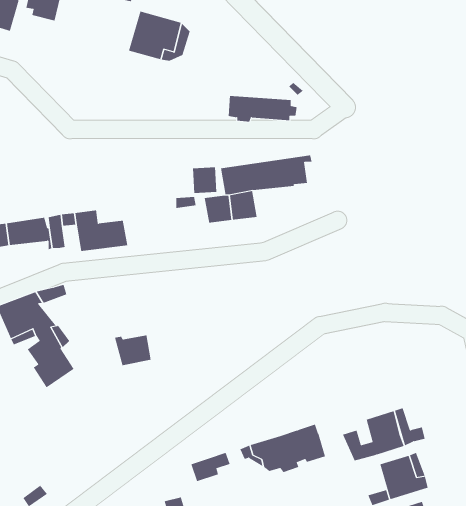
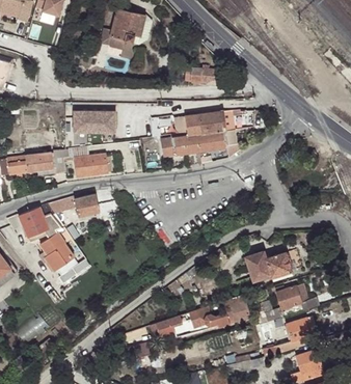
building: none -> [72,111,113,133]
building: none -> [196,130,233,153]
building: [114,335,151,366] -> [72,195,98,217]
building: none -> [244,254,292,283]

